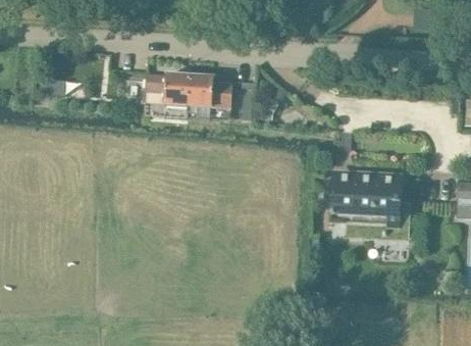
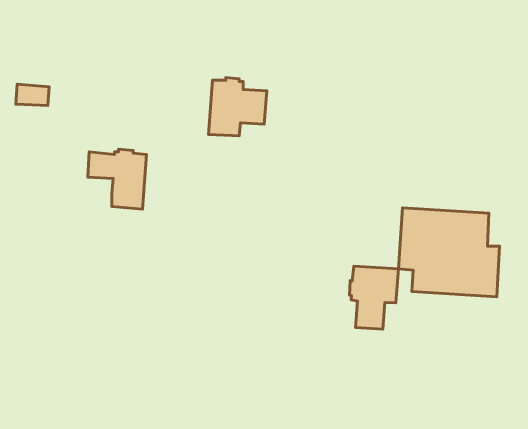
building: [145,68,190,114] -> [88,149,146,209]
building: none -> [349,266,399,329]

